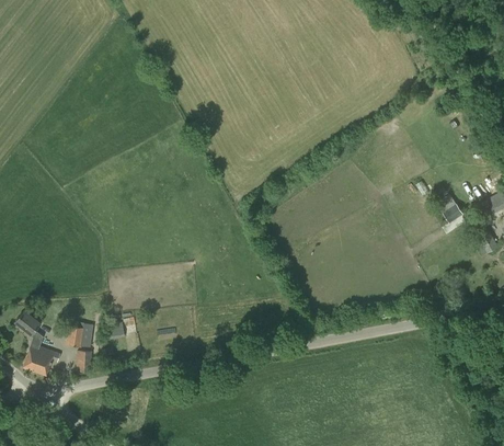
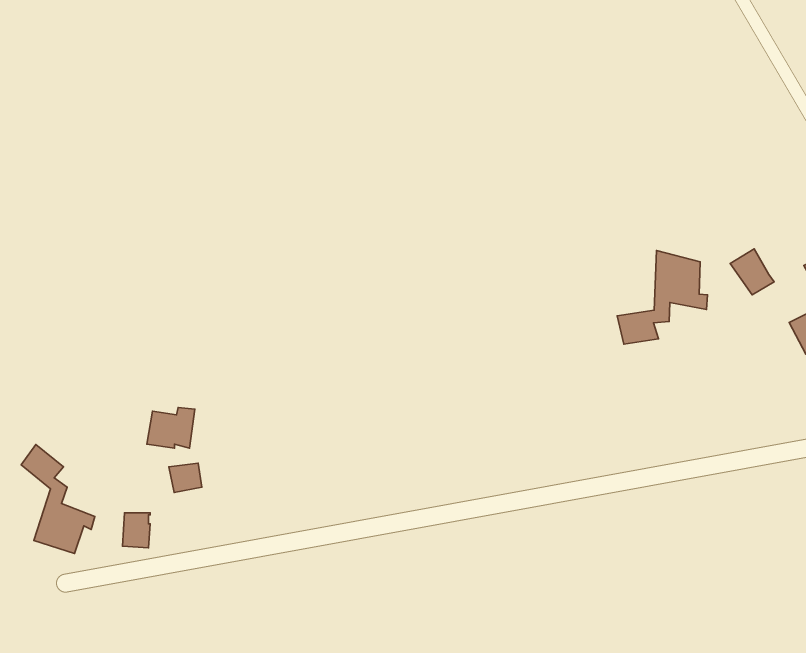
building: none -> [617,250,708,344]
building: [66,322,94,346] -> [147,407,195,448]

